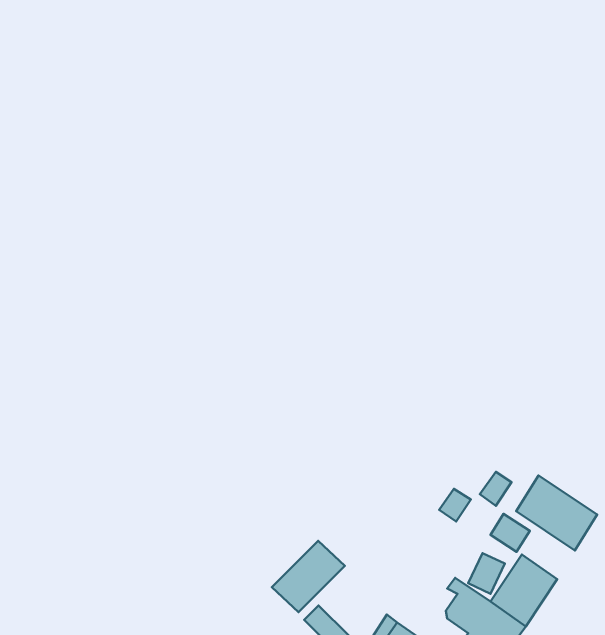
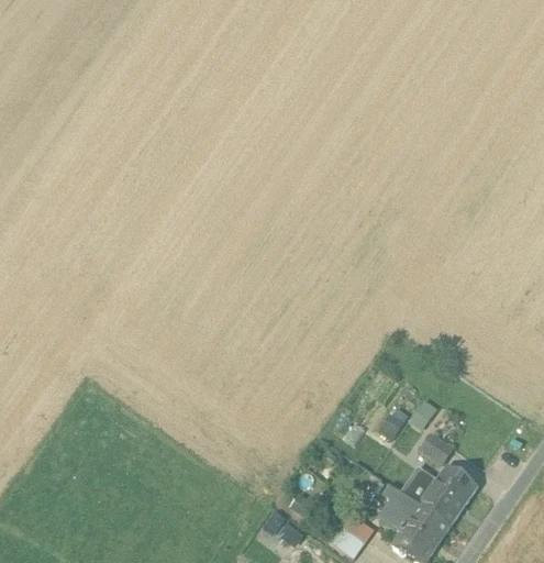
building: [516,475,597,550] -> none
building: [272,541,345,612] -> none

